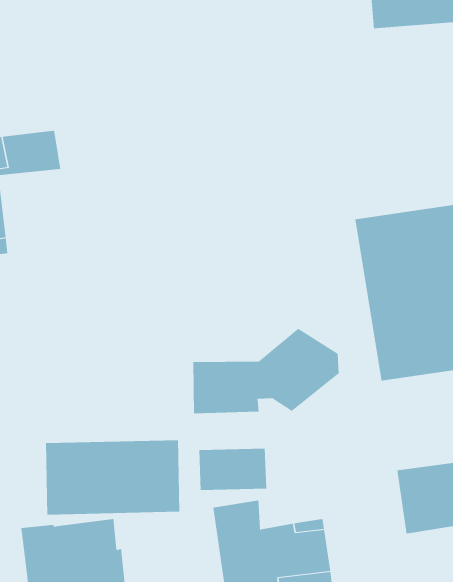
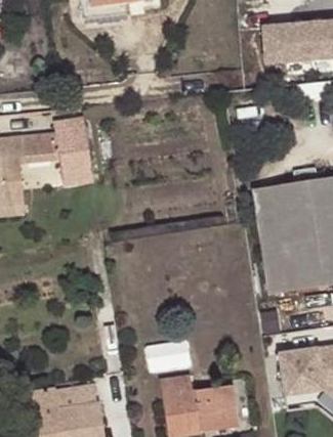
building: none -> [55,117,94,182]
building: [193,328,339,414] -> none
building: [46,439,180,515] -> none

